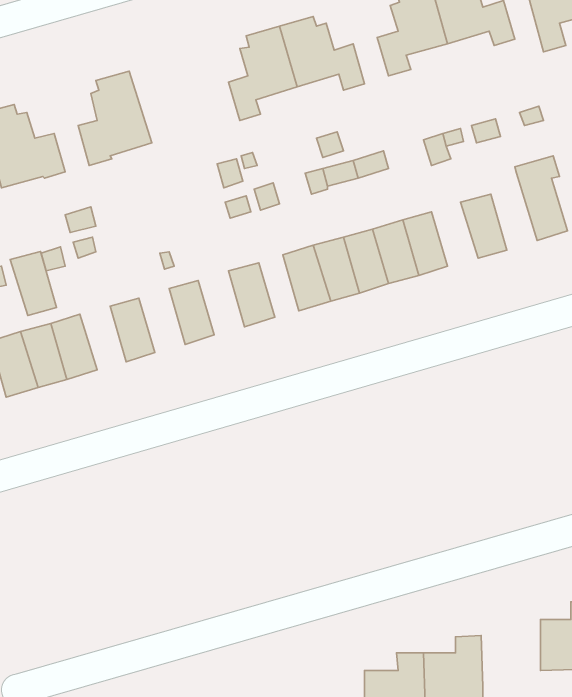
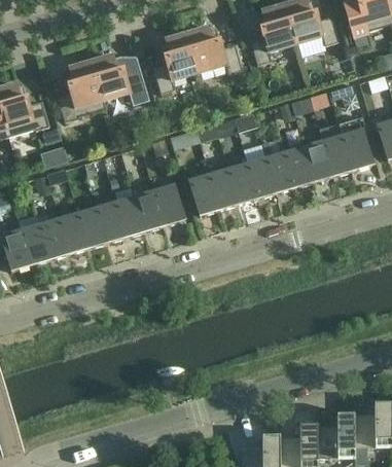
building: none -> [90,52,145,106]
building: none -> [320,125,352,175]
building: none -> [284,144,314,185]
building: [10,251,57,315] -> [58,211,87,252]
building: none -> [134,188,164,229]
building: none -> [96,200,126,241]
building: none -> [316,412,354,456]

